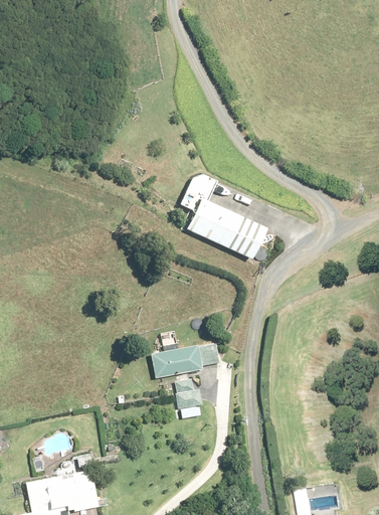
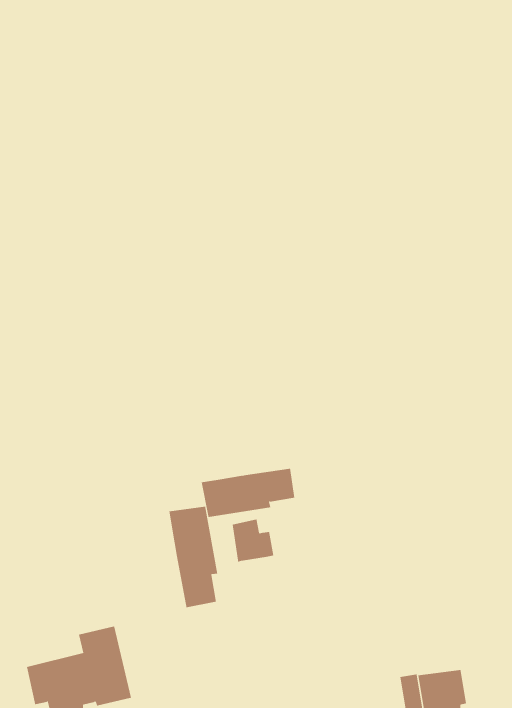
building: [180,173,266,259] -> none
building: none -> [169,506,218,608]

